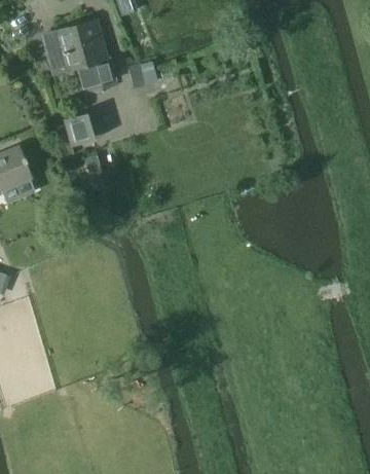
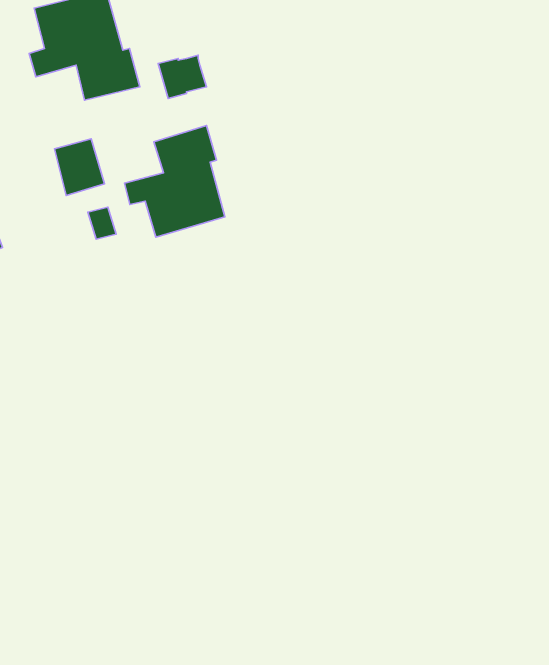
building: none -> [124,125,225,237]

